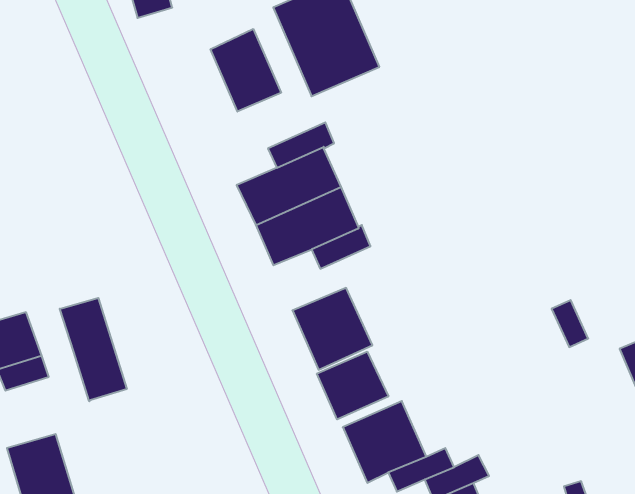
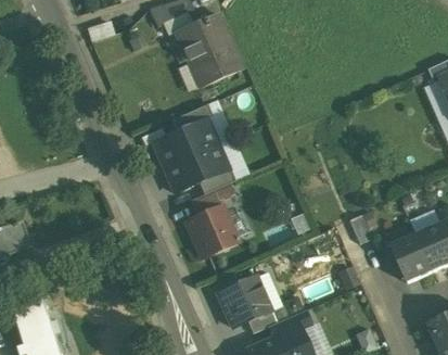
building: [211,29,281,112] -> none
building: [60,298,127,401] -> none
building: [317,352,388,419] -> none

